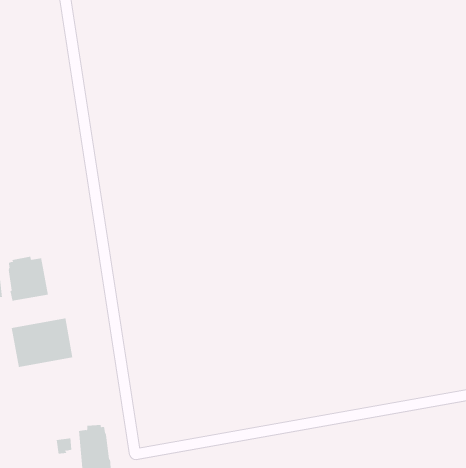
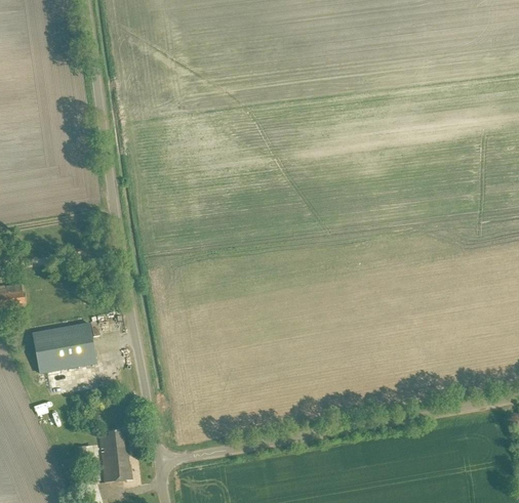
building: [8,256,48,302] -> none

